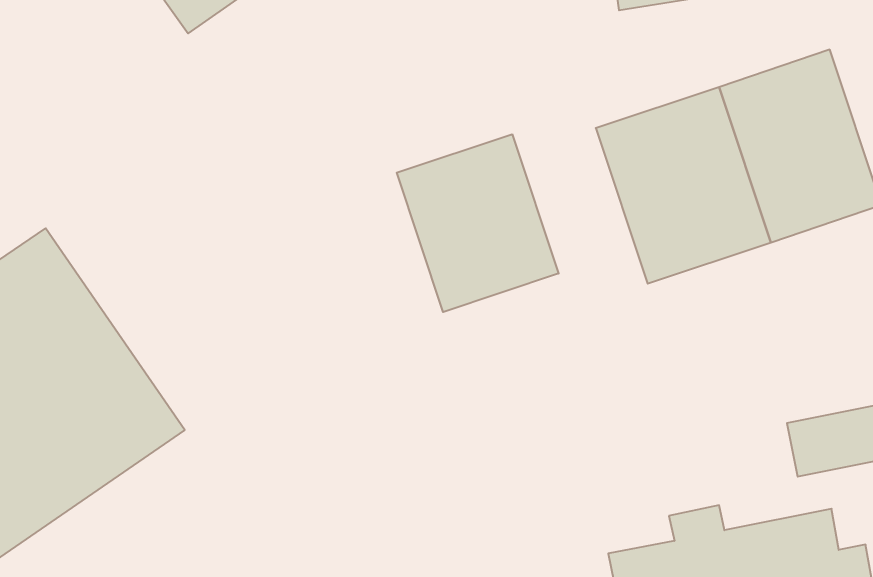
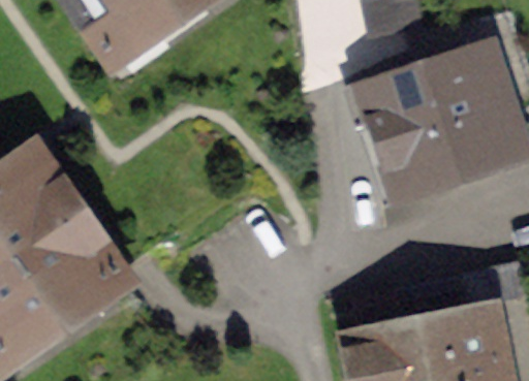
building: [397,134,559,312] -> none

